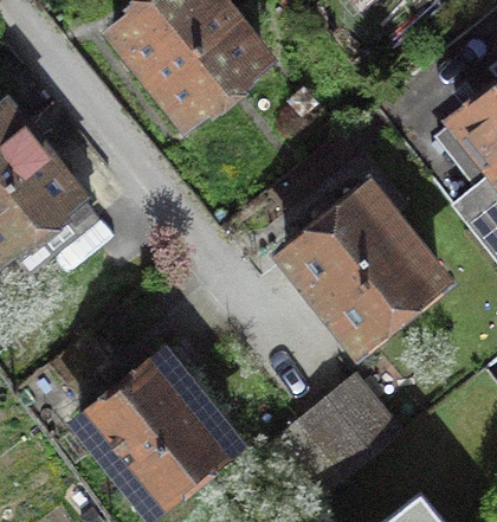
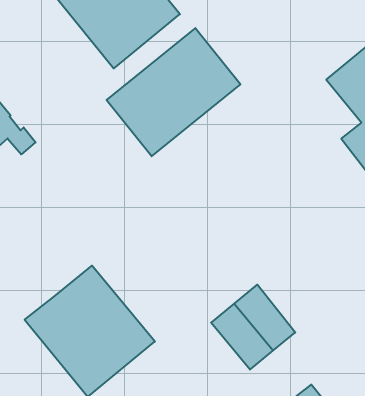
building: none -> [107,28,240,156]
building: [288,191,438,343] -> none

